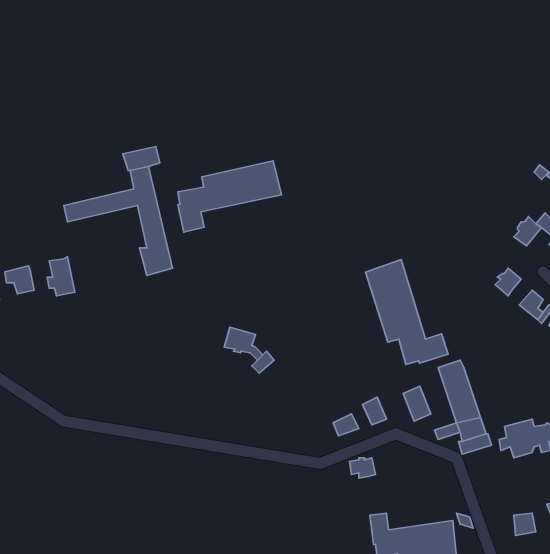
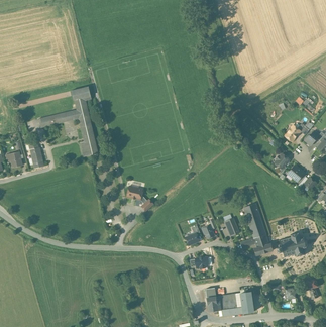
building: [178,161,282,232] -> none
building: [366,260,448,365] -> none

